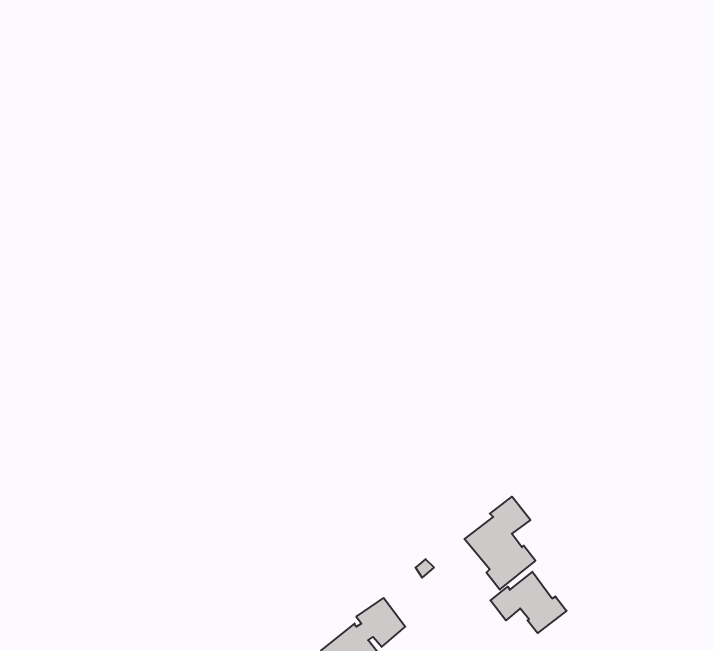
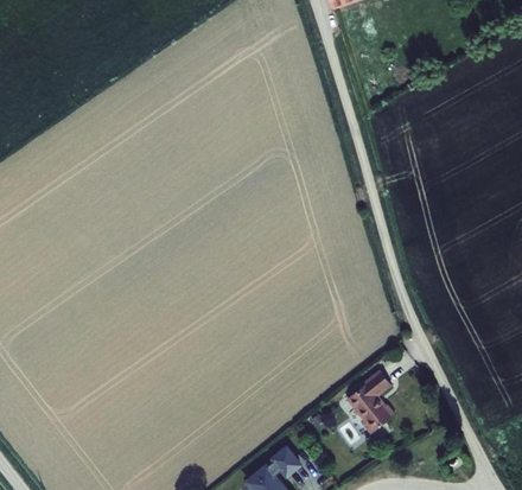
building: [490,572,567,633] -> none

